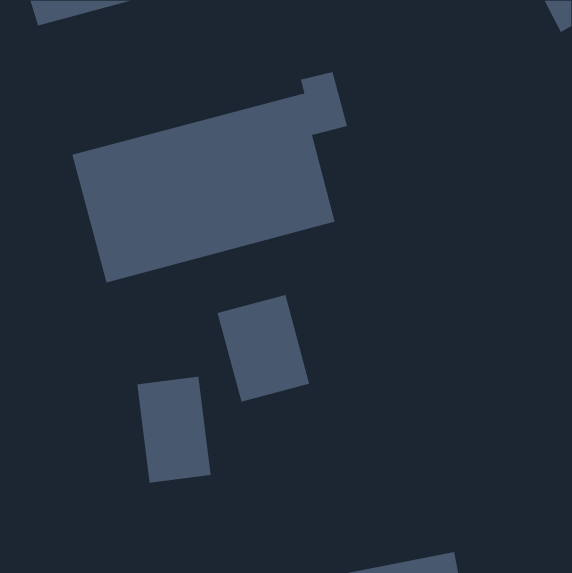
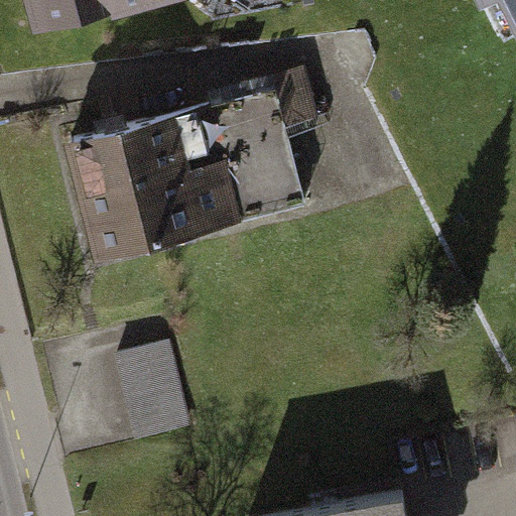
building: [217,294,310,403] -> none

